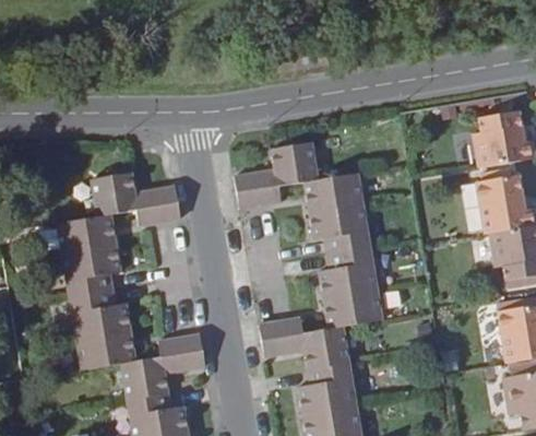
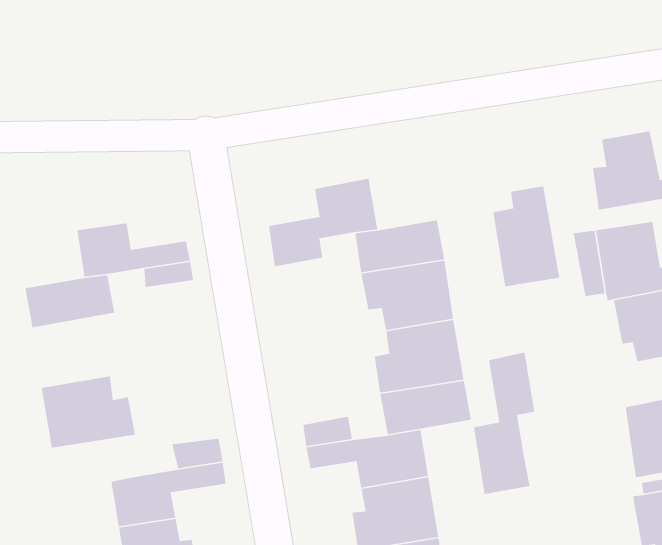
building: none -> [492,185,560,287]
building: [62,241,128,296] -> none
building: none -> [473,352,535,495]
building: [76,331,143,370] -> none

